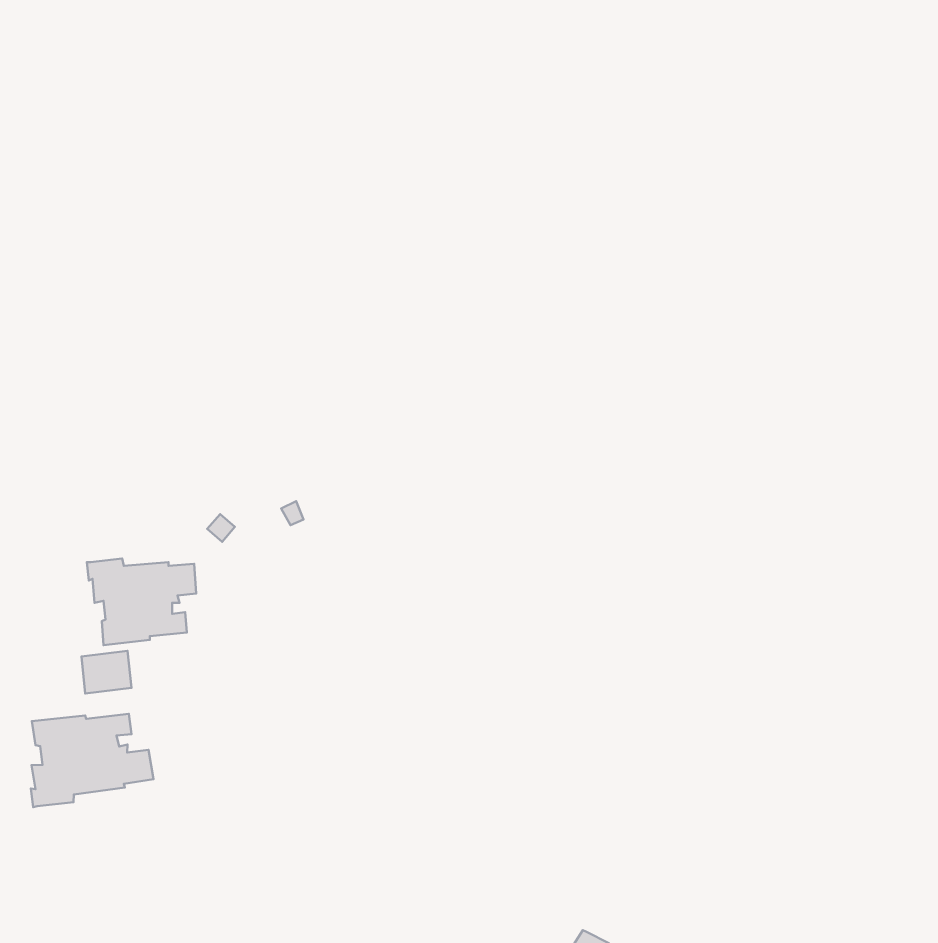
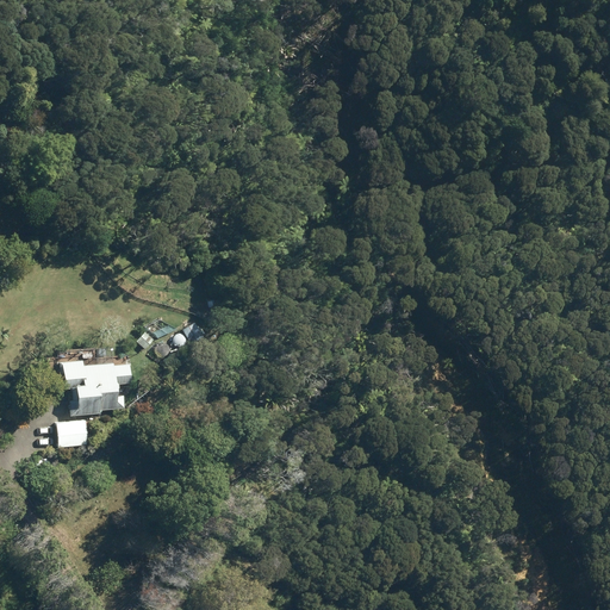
building: [31,714,153,807] -> none

